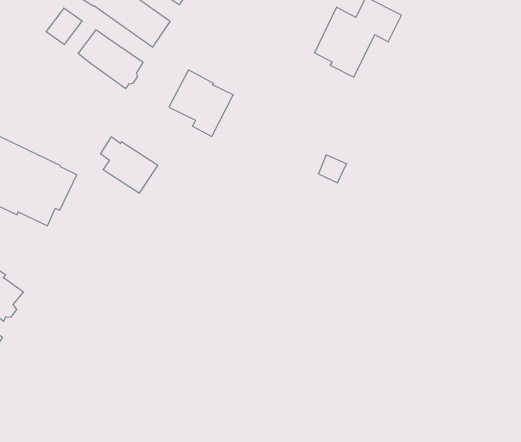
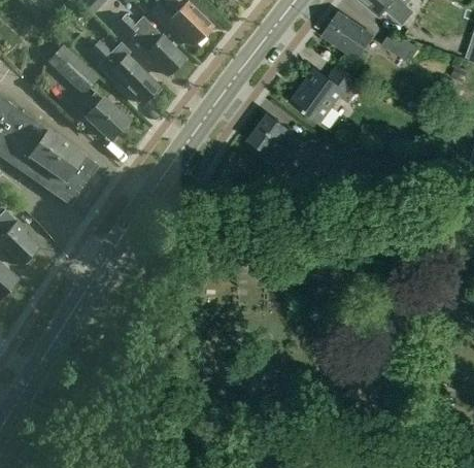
building: none -> [57,54,97,93]
building: [169,70,233,136] -> [248,114,299,168]
building: [100,137,158,193] -> [84,92,127,138]

